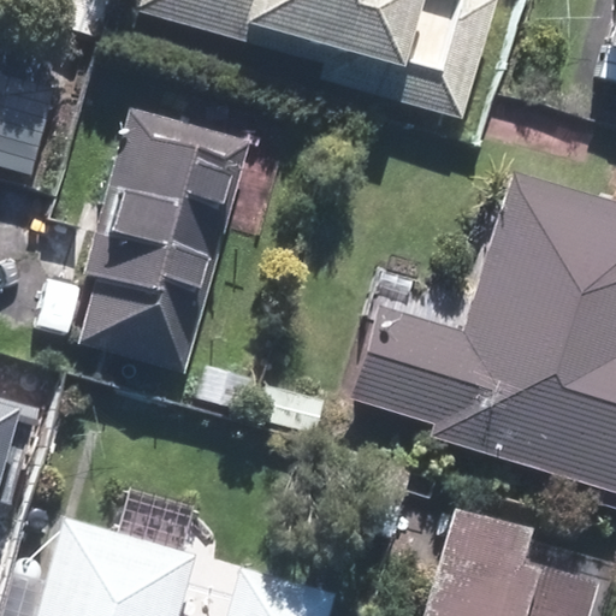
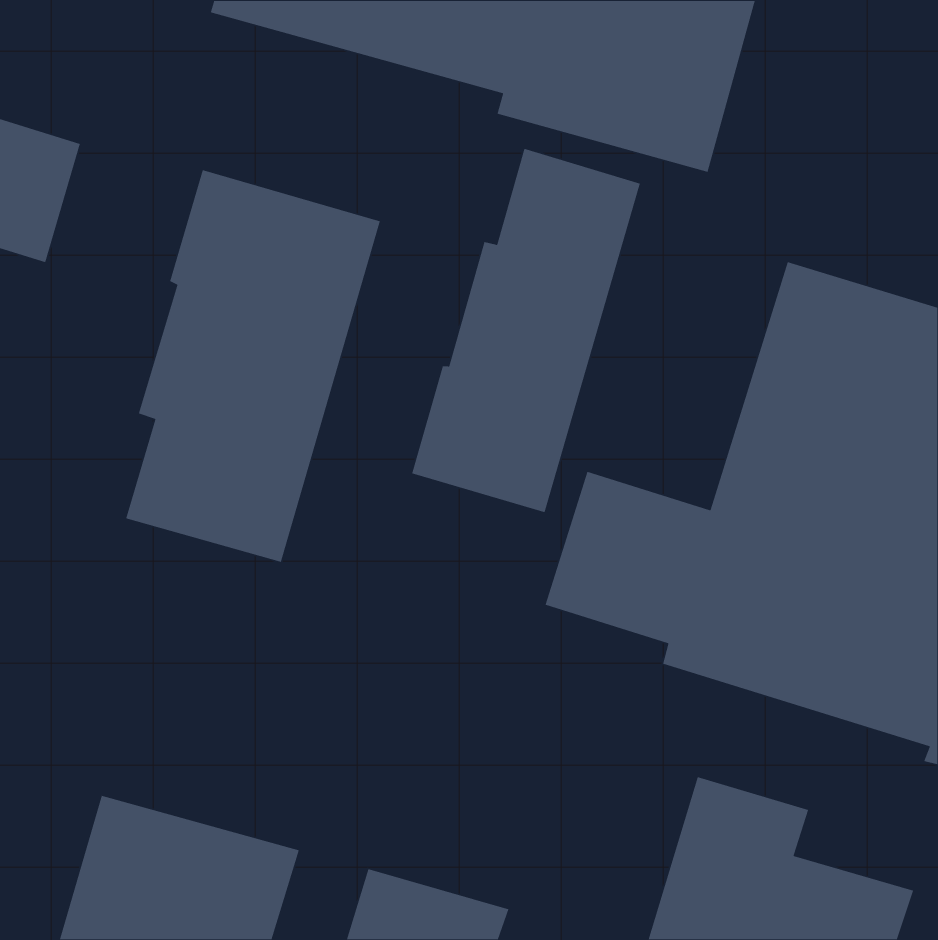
building: none -> [411,148,641,513]

